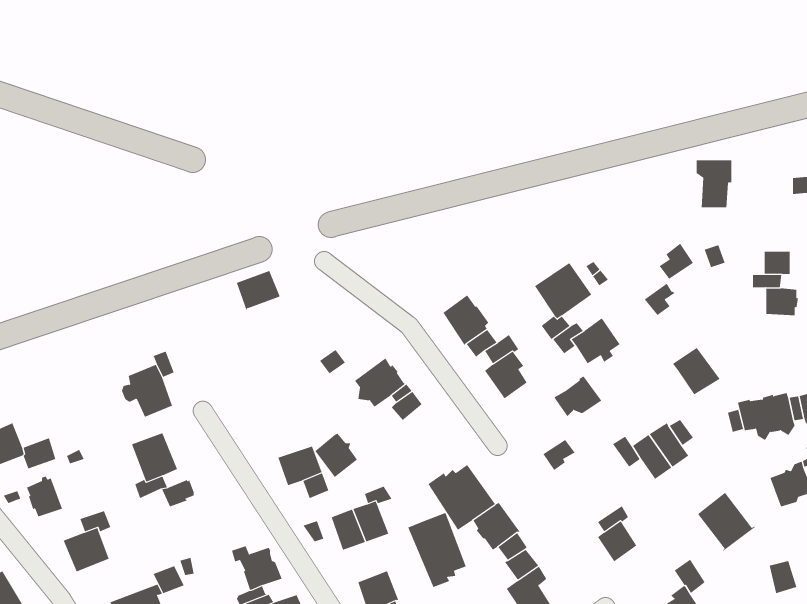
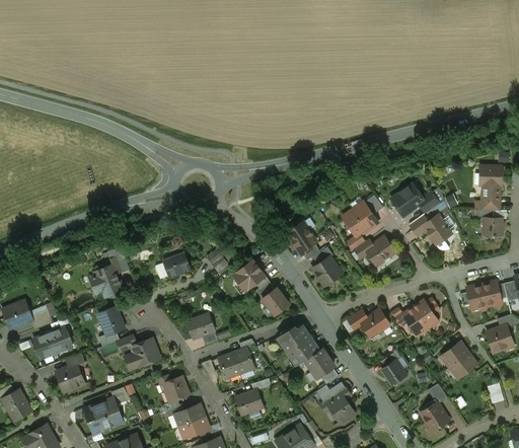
building: [696,160,732,208] -> [479,166,502,196]
building: none -> [390,185,425,216]
building: [236,269,281,310] -> [163,252,191,278]
building: [672,347,720,395] -> [423,215,452,244]
building: [554,376,602,417] -> [361,309,390,334]
building: [315,433,358,478] -> [263,288,289,315]
building: none -> [49,327,72,353]
building: none -> [131,339,159,367]
building: [408,512,466,588] -> none

